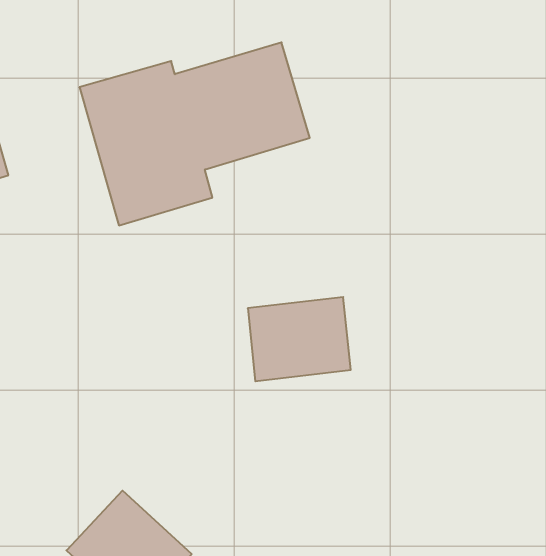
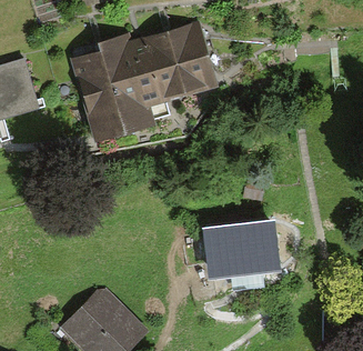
building: [248,297,351,381] -> [210,225,271,275]

